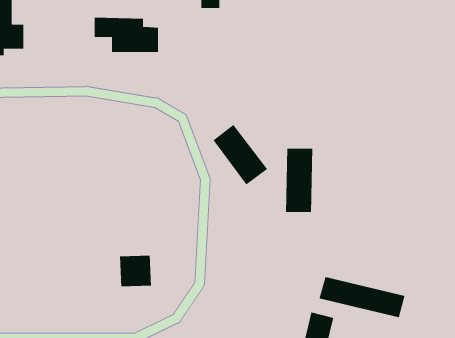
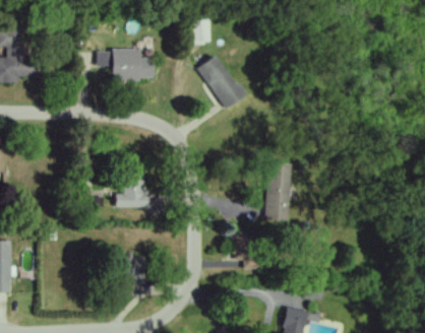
building: [212,124,268,185] -> [196,55,245,109]
building: none -> [116,174,150,207]
building: [319,276,406,318] -> none

